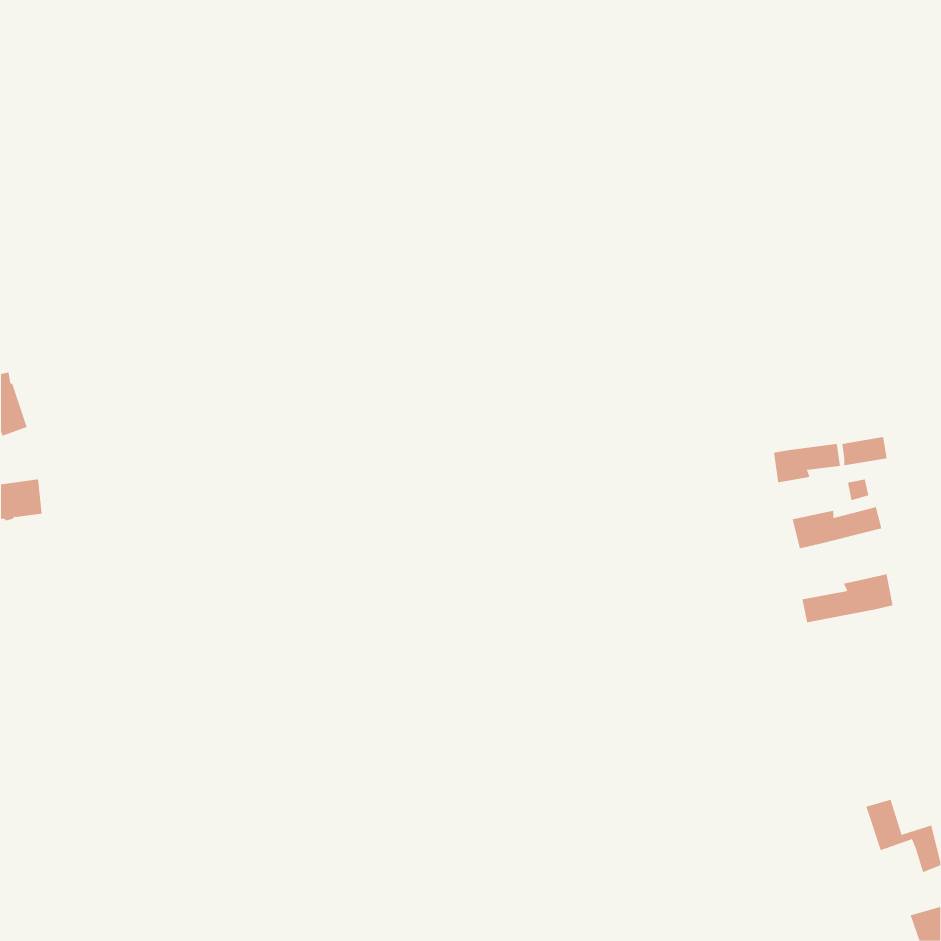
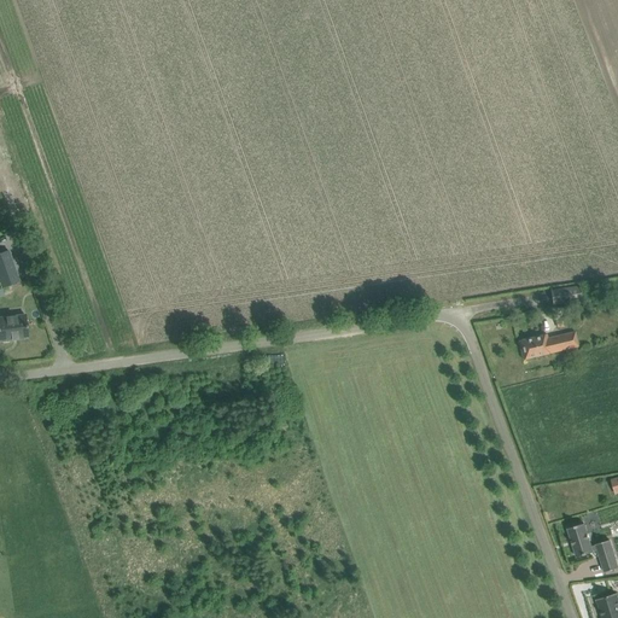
building: [773,443,841,483] -> none
building: [802,573,893,623] -> none

